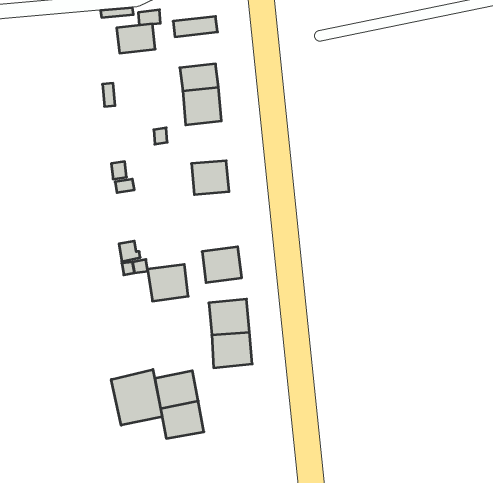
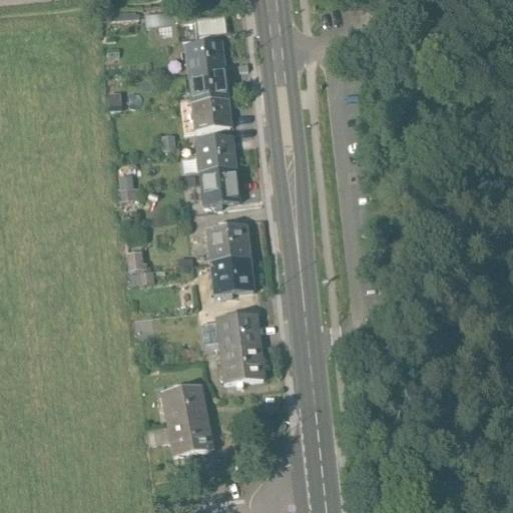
building: [117,24,155,53] -> [184,40,224,70]
building: none -> [196,135,235,169]
building: [148,264,188,301] -> [205,222,247,261]
building: [111,369,162,425] -> none

